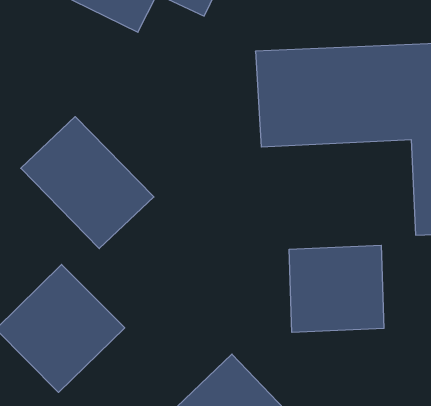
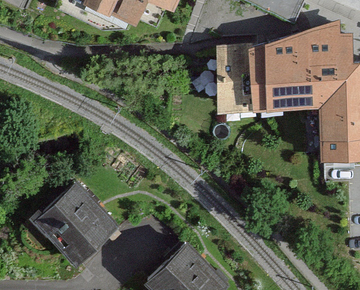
building: [21,117,154,249] -> none
building: [289,245,384,332] -> none

